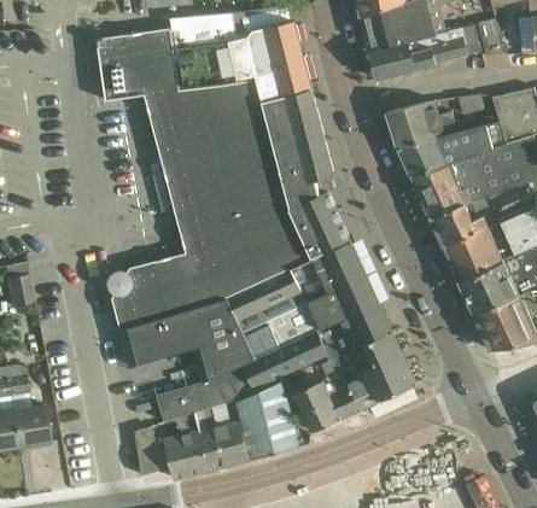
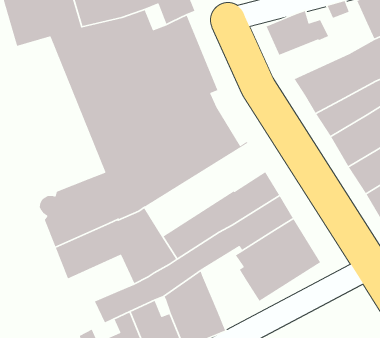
building: [398,121,507,176] -> none
building: [227,241,367,333] -> none
building: [292,381,342,432] -> none

